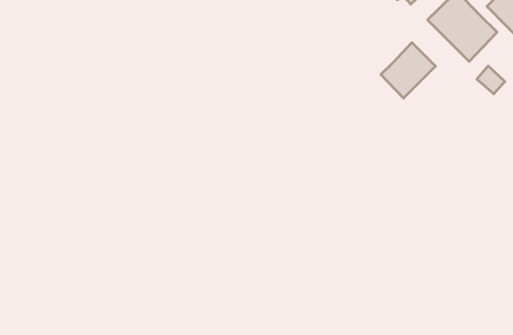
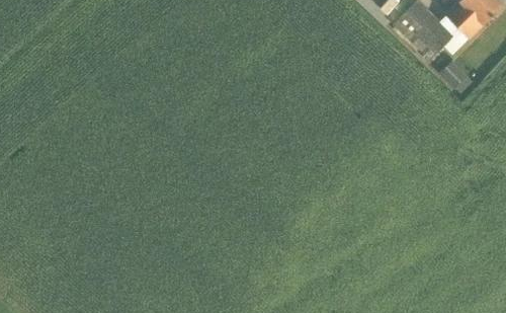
building: [381,43,436,98] -> none

